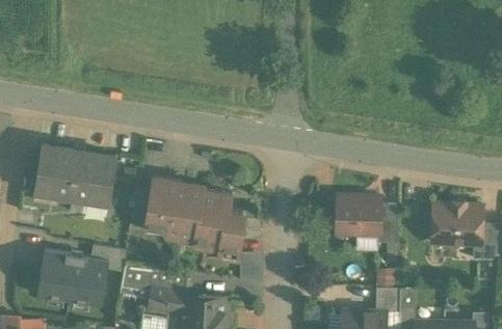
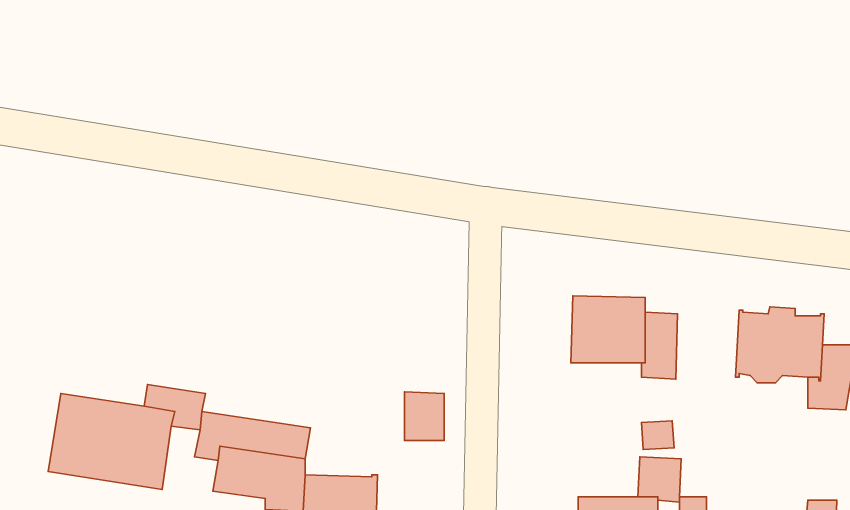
building: [34,145,115,204] -> none
building: [144,179,242,258] -> none

